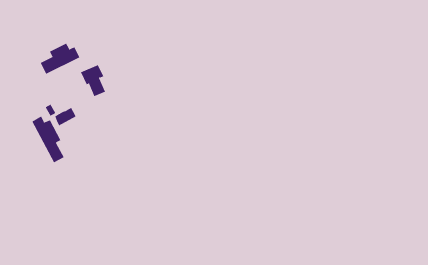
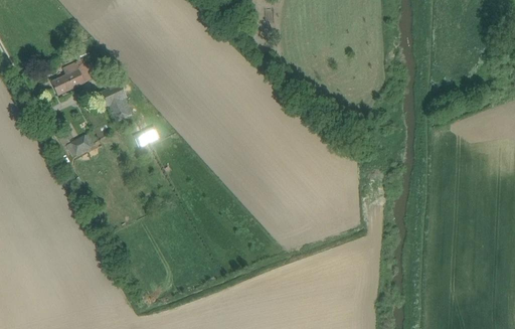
building: [32,116,64,163] -> none

